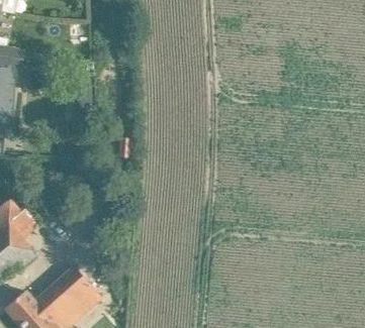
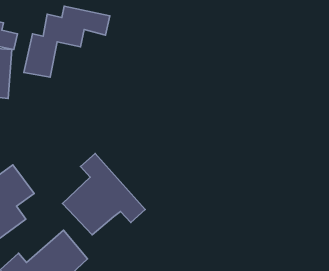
building: none -> [24,6,110,77]
building: none -> [62,154,145,235]

